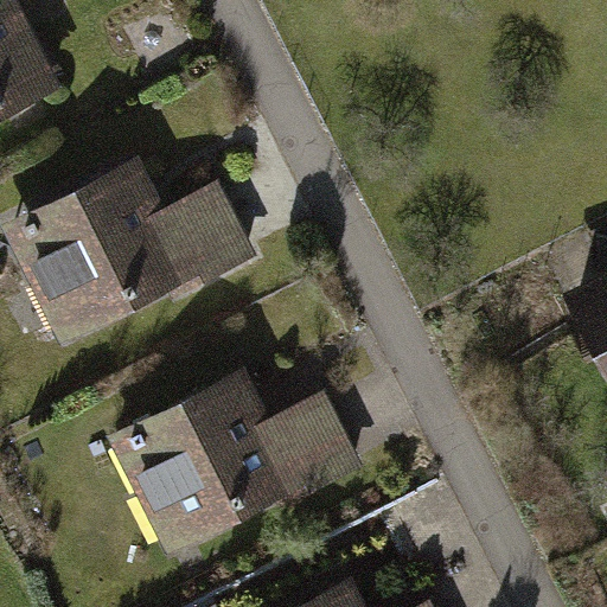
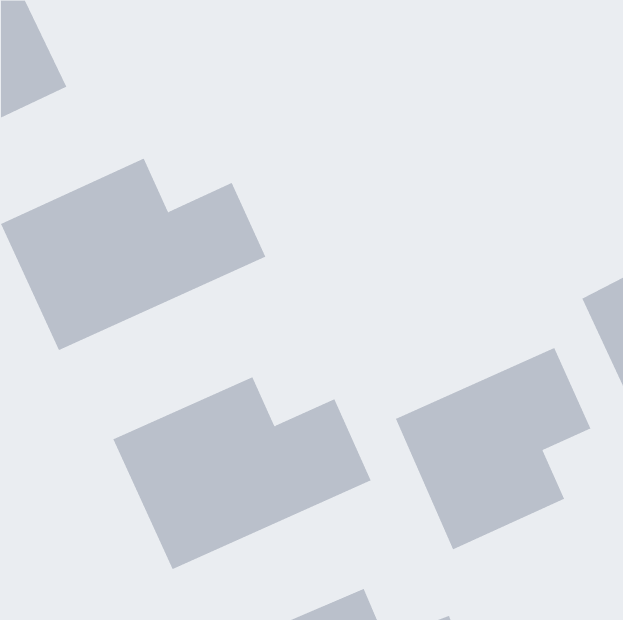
building: none -> [395,347,591,550]

